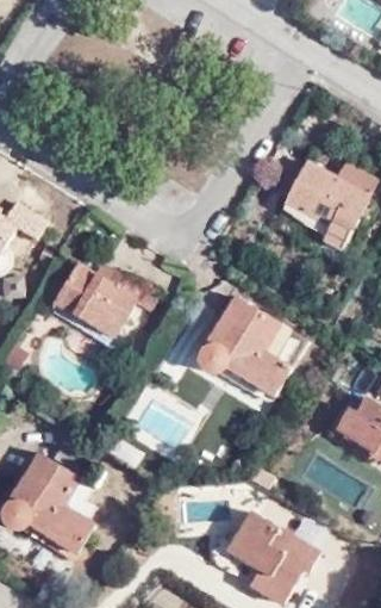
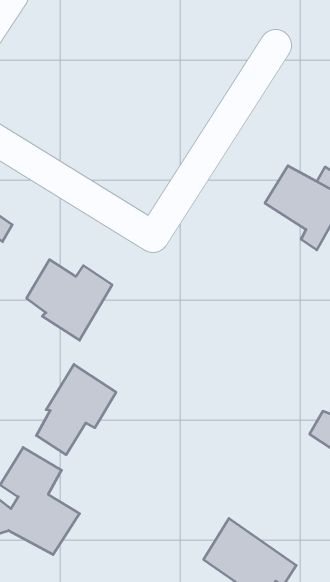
building: [195,290,302,391] -> none
building: none -> [36,364,116,455]

